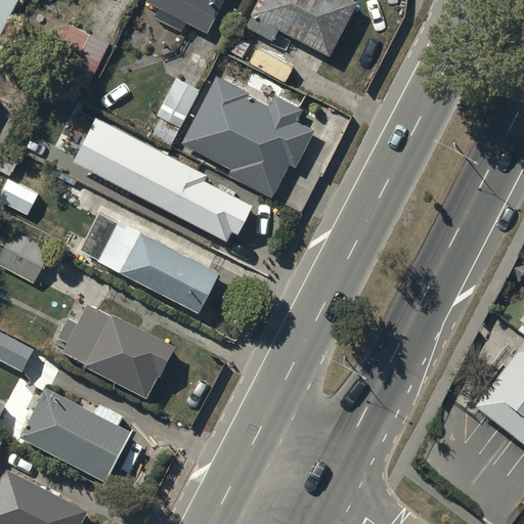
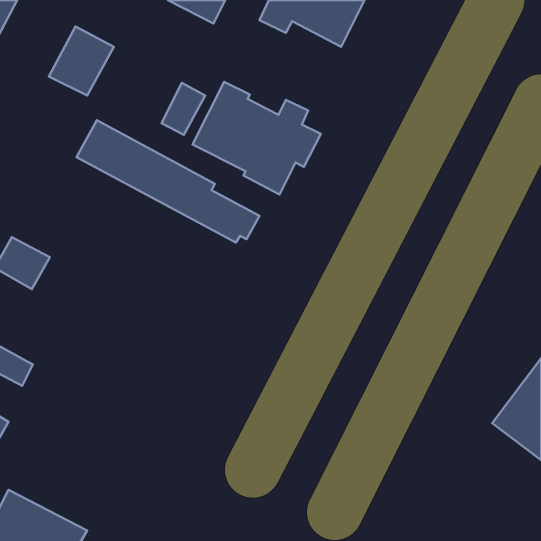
building: [83,211,219,310] -> none
building: [55,307,171,399] -> none
building: [24,394,130,483] -> none

